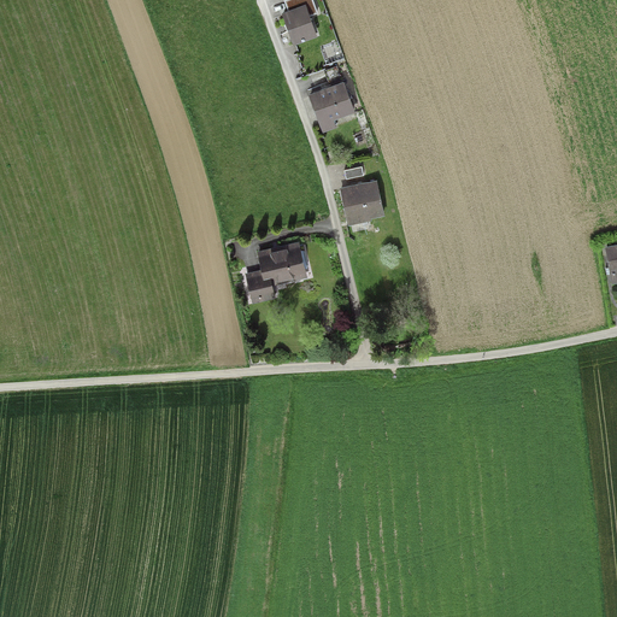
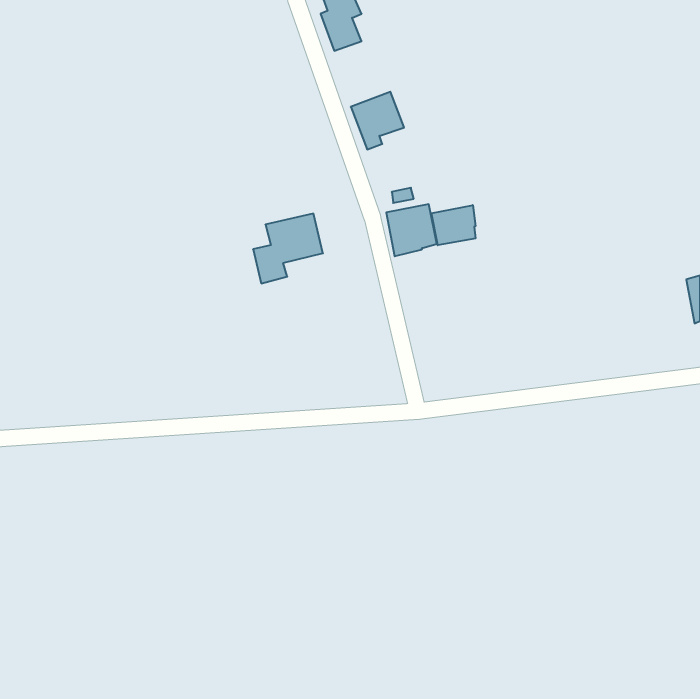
building: none -> [432,205,475,245]
building: [246,241,307,302] -> [253,214,323,283]

